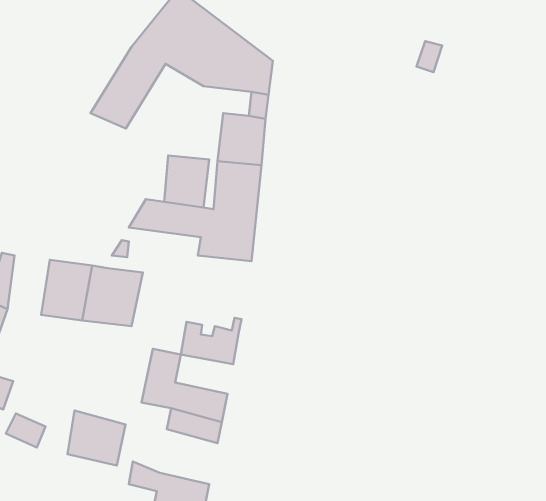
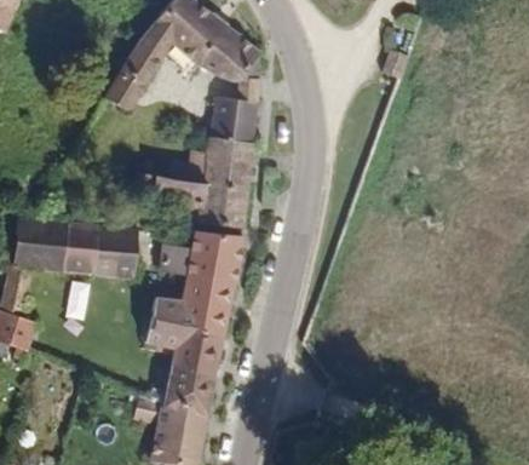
building: none -> [33,223,69,274]
building: none -> [161,229,241,292]
building: none -> [177,308,226,341]
building: [68,410,125,465] -> [163,372,213,419]

